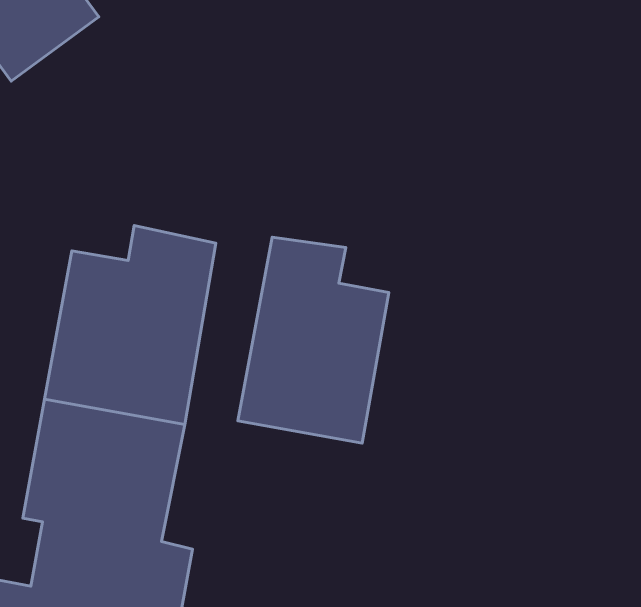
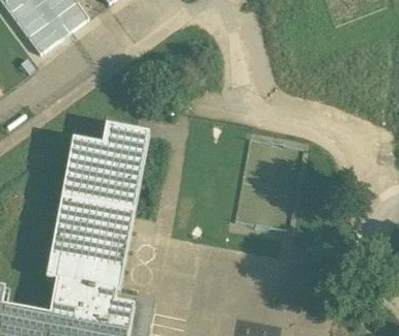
building: [238,237,389,443] -> none

